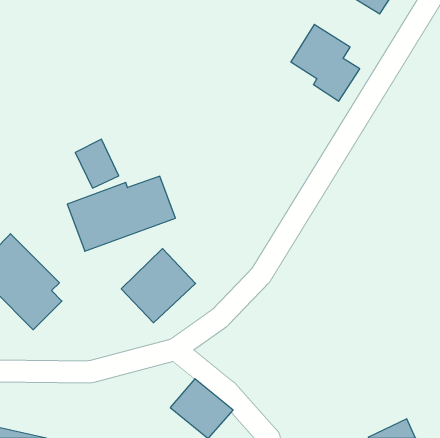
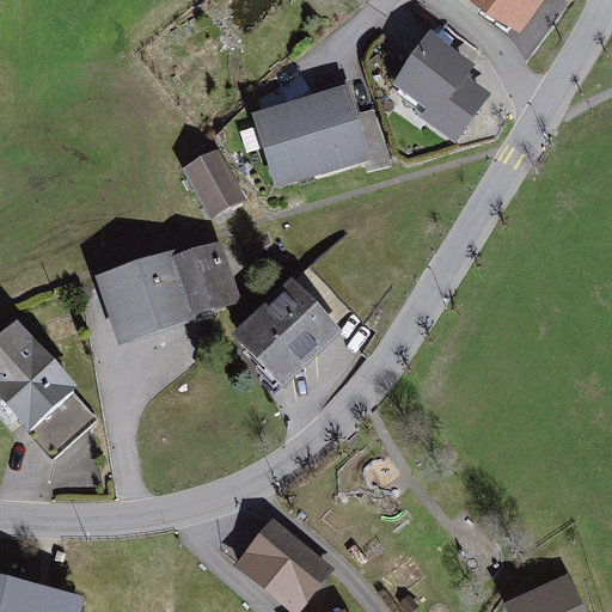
building: none -> [255,86,369,184]
building: [75,139,119,188] -> [182,149,241,216]
building: [121,249,196,323] -> [238,281,339,382]

